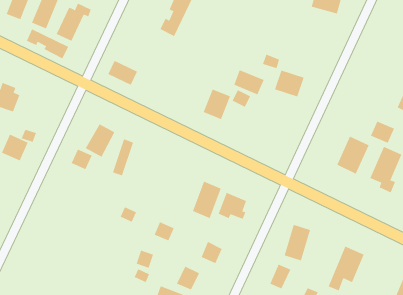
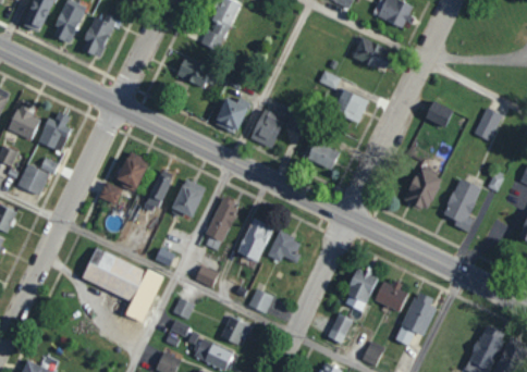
building: none -> [352,37,393,71]
building: [26,29,69,59] -> none
building: [108,60,138,85] -> [176,58,211,87]
building: [233,70,265,95] -> [304,139,340,169]
building: none -> [215,97,250,133]
building: none -> [38,111,71,151]
building: [370,121,395,143] -> [425,100,453,126]
building: none -> [171,177,206,218]
building: none -> [207,197,238,240]
building: none -> [82,248,162,322]
building: none -> [375,281,408,311]

